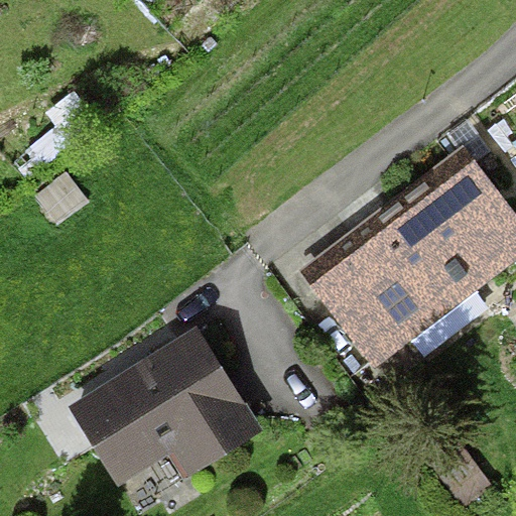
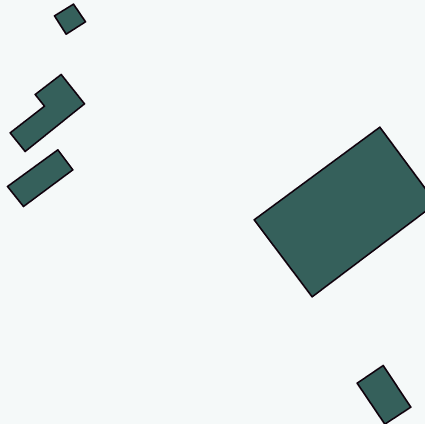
building: [71,331,259,485] -> none

